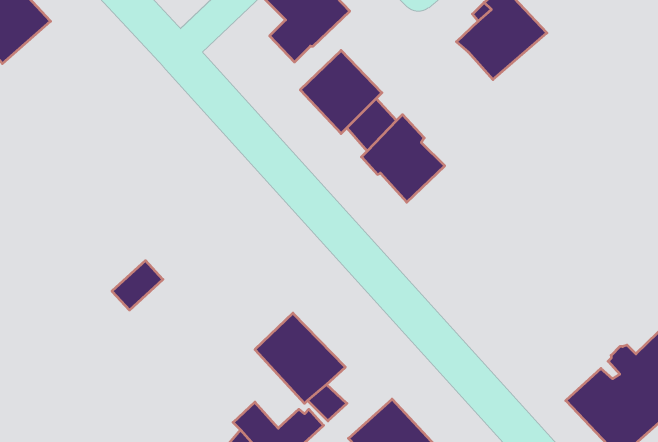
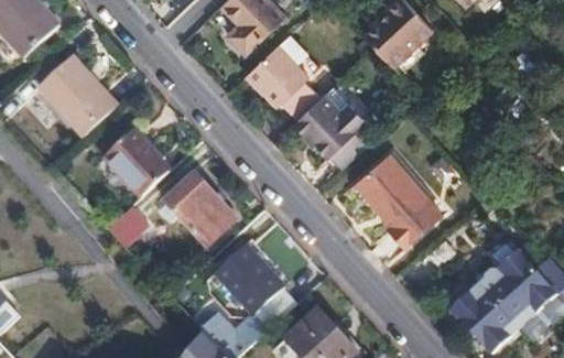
building: none -> [35,54,119,134]
building: none -> [105,130,167,194]
building: none -> [349,149,442,245]
building: none -> [162,172,232,243]

